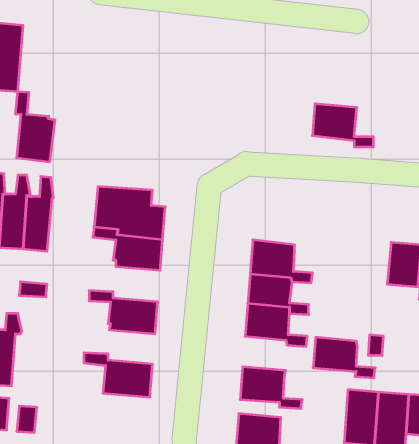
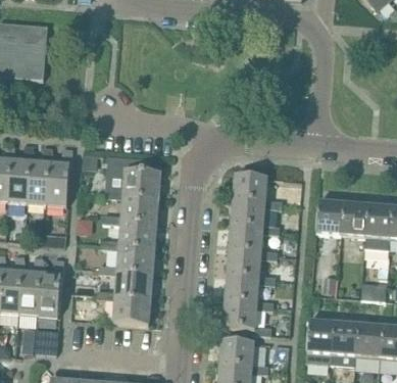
building: [16,91,55,162] -> none
building: [312,104,373,147] -> [232,173,281,207]
building: none -> [315,199,343,234]
building: none -> [102,213,157,248]
building: none -> [38,258,63,318]
building: none -> [98,264,153,298]
building: [313,337,375,378] -> [224,276,274,308]

